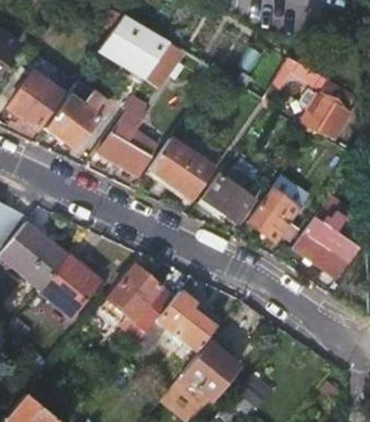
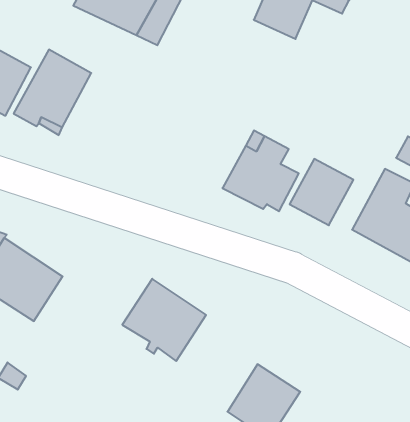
building: [305,89,350,139] -> none
building: [99,107,153,176] -> none
building: [150,132,215,199] -> none
building: [39,255,100,318] -> none
building: [138,290,217,352] -> none

